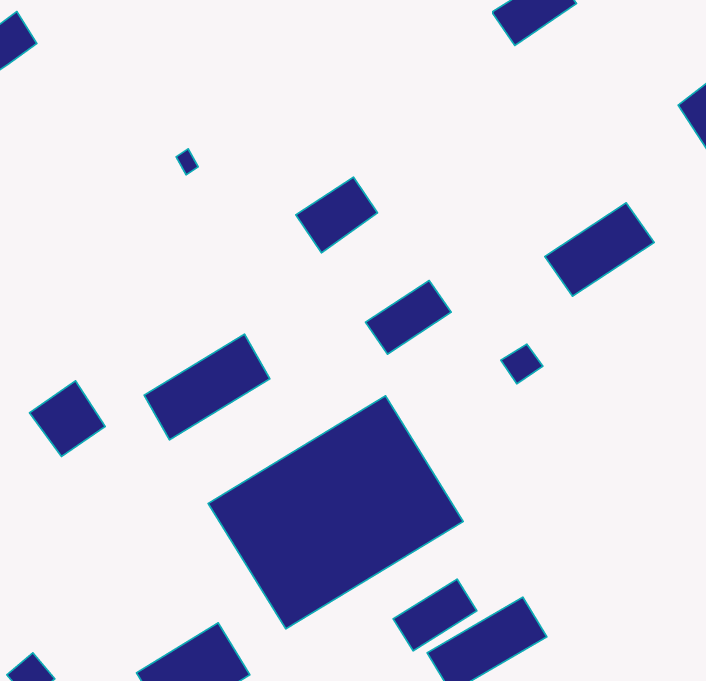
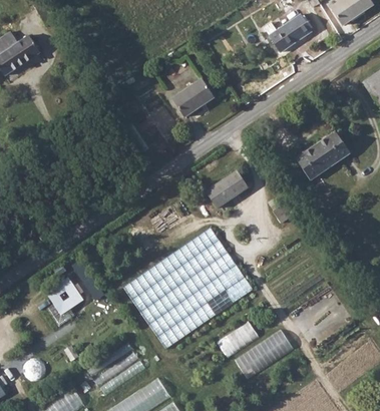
building: [296,177,377,253] -> [170,79,212,117]
building: [144,334,270,440] -> none
building: [30,381,105,457] -> [43,277,81,315]

